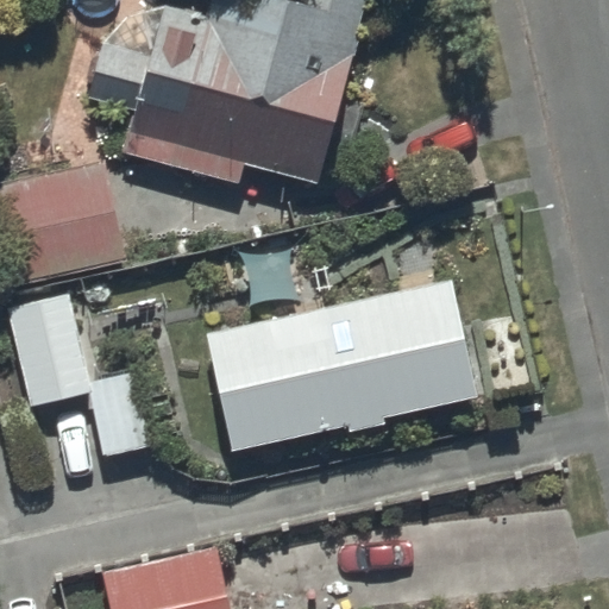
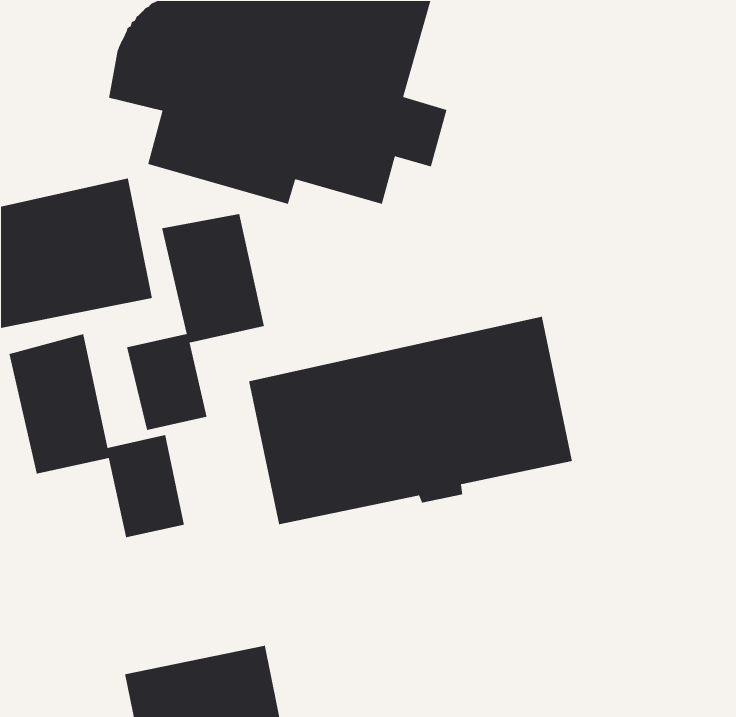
building: none -> [126,213,265,431]

